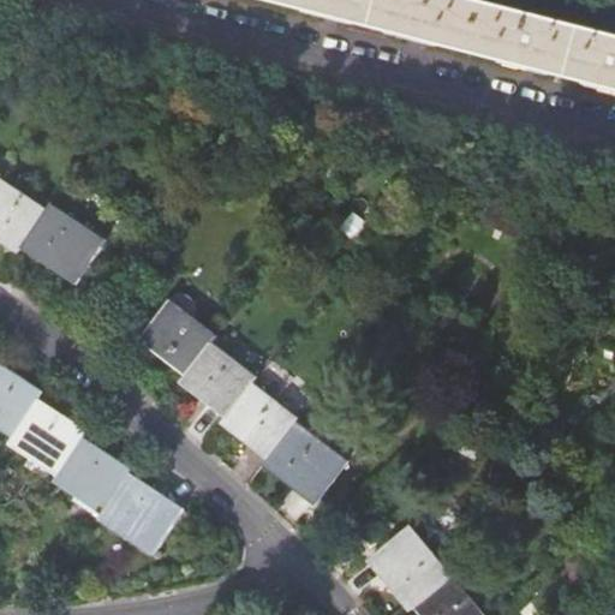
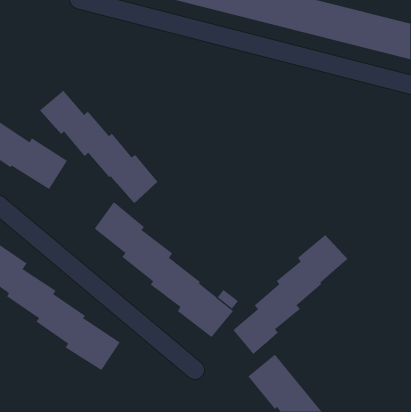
building: none -> [39,90,158,204]
building: none -> [232,234,348,354]

